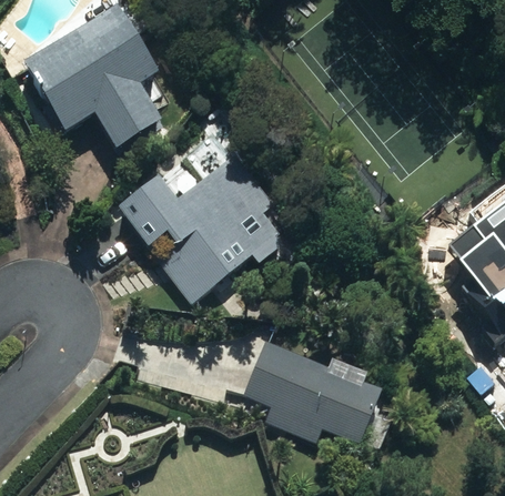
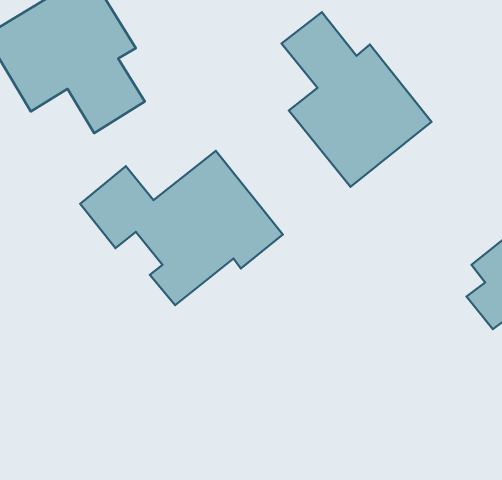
building: none -> [282,12,431,187]
building: [235,337,376,443] -> none

